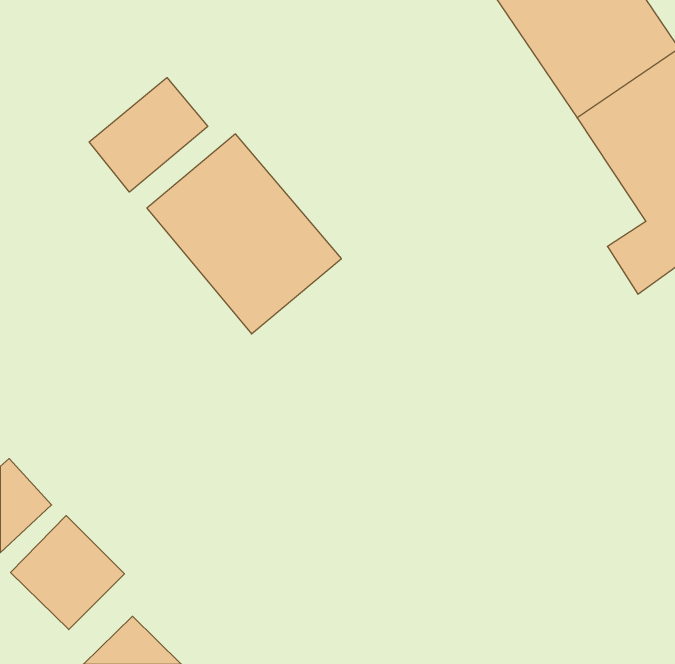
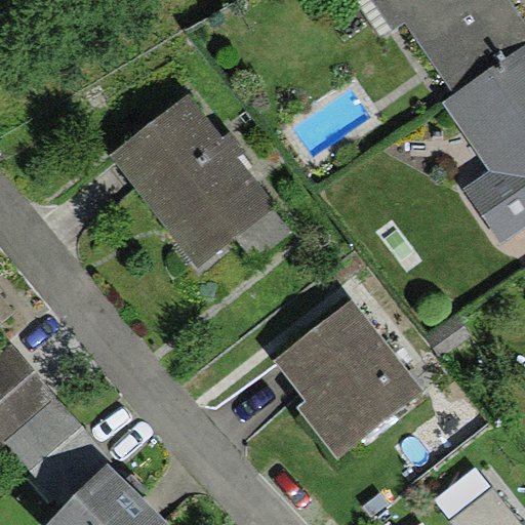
building: [89,78,208,192] -> none
building: none -> [280,310,415,446]

